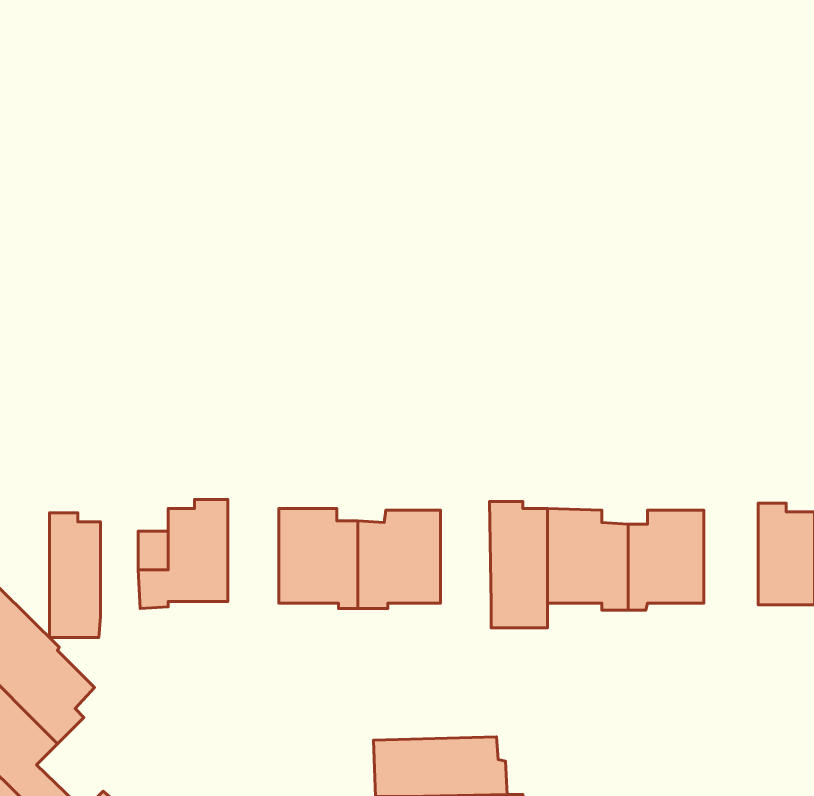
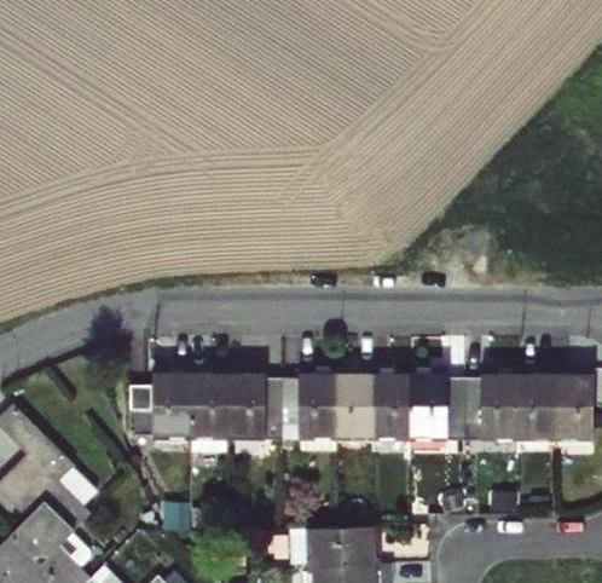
building: none -> [336,368,371,438]
building: none -> [517,369,555,439]
building: [50,513,101,638] -> [190,366,225,452]

